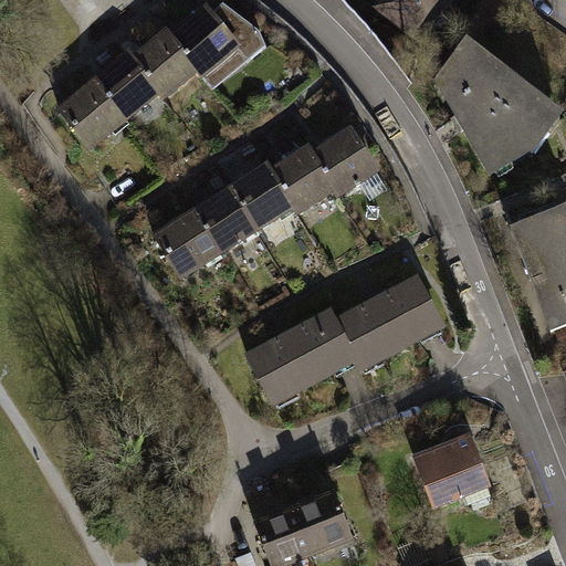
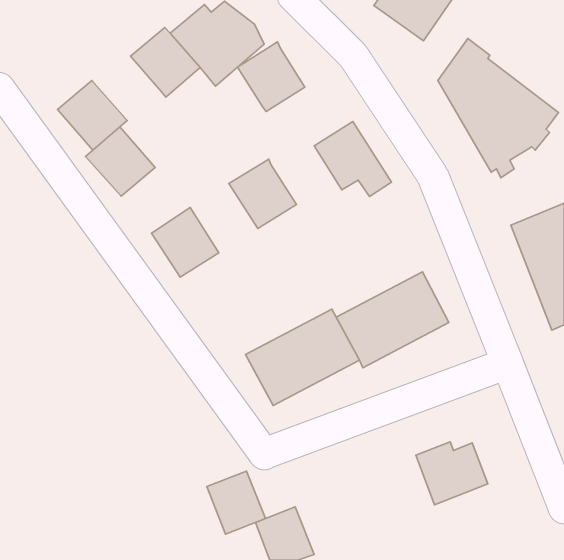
building: [92,51,161,120] -> [86,127,155,196]
building: [271,139,338,209] -> [238,42,305,111]
building: [190,184,258,253] -> none
building: [295,492,354,555] -> [207,471,265,534]

